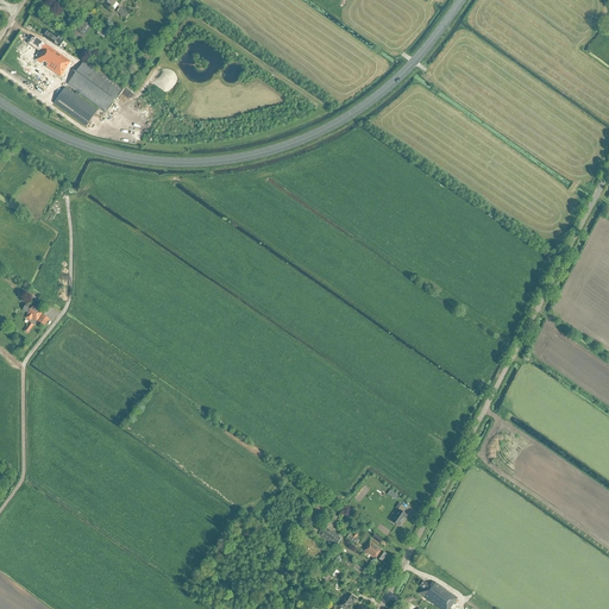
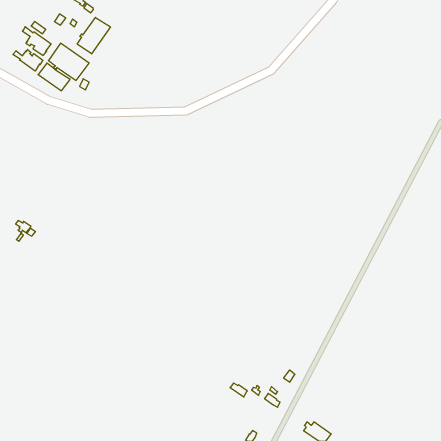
building: none -> [77,17,110,54]
building: none -> [13,49,43,71]

